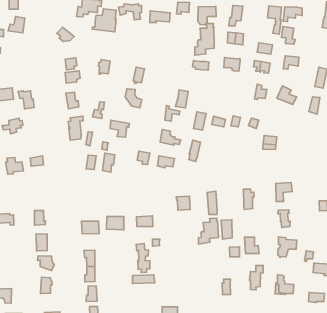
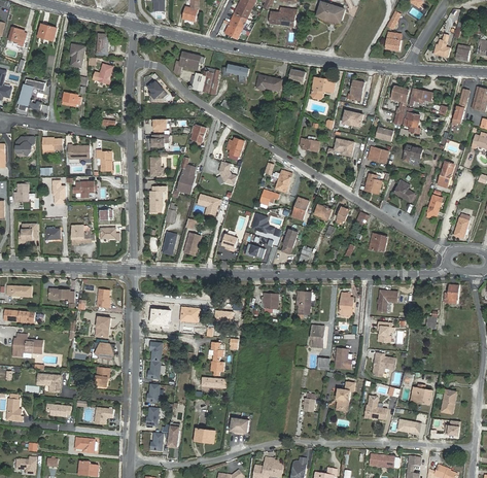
building: [195,24,214,55] -> none
building: [198,218,219,244] -> none

